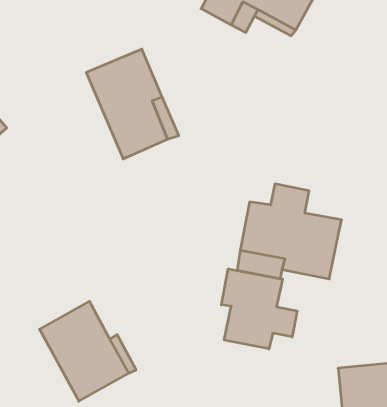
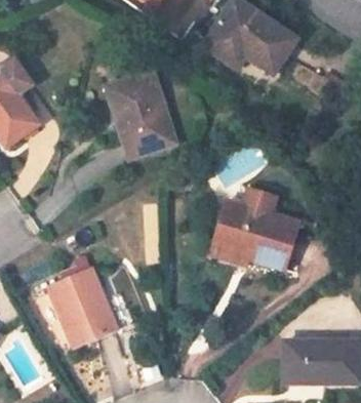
building: [221,269,297,349] -> none

